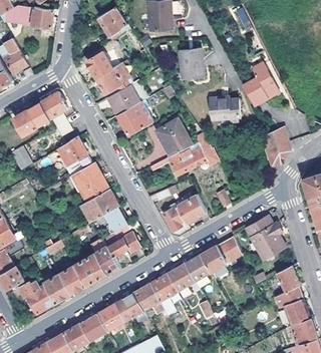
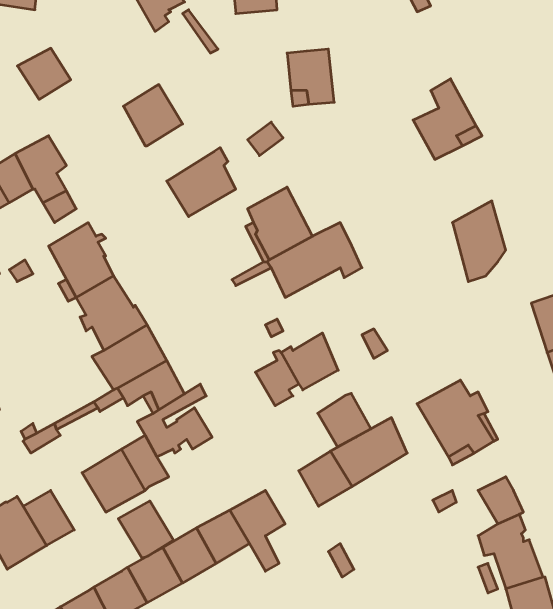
building: [84,52,111,78] -> [17,48,71,99]
building: [107,84,141,116] -> none
building: [213,98,244,125] -> none
building: [168,264,195,291] -> [318,393,371,447]
building: [58,265,86,294] -> [118,501,173,558]

